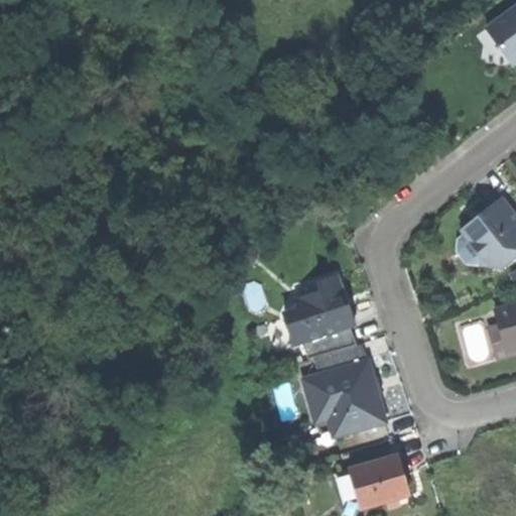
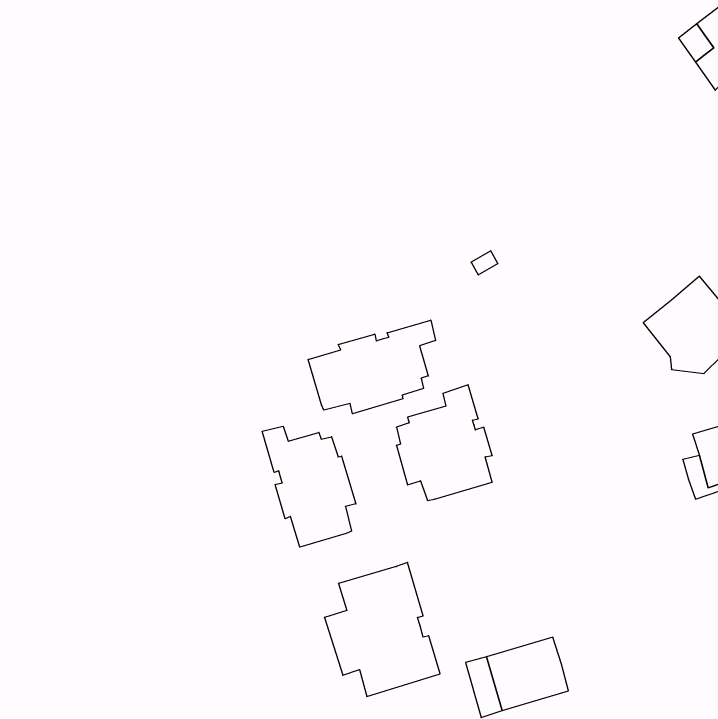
building: none -> [308,320,435,414]
building: none -> [262,426,356,547]
building: [302,342,385,437] -> [324,562,440,696]

